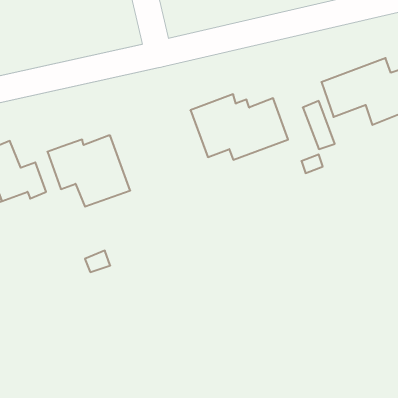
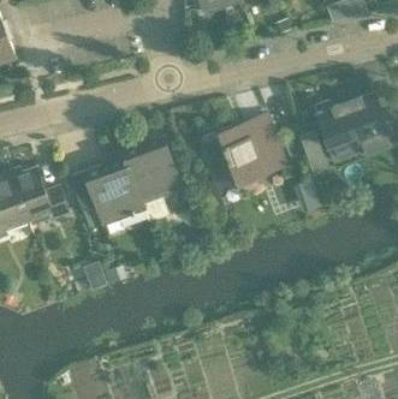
building: none -> [121,139,182,222]

